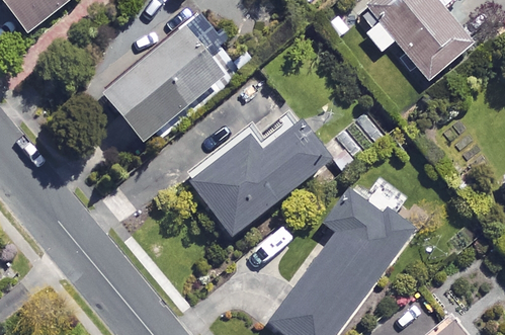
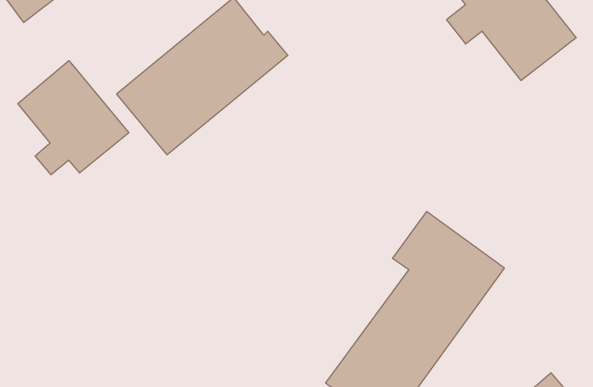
building: none -> [18,61,129,175]
building: [184,118,331,235] -> none

